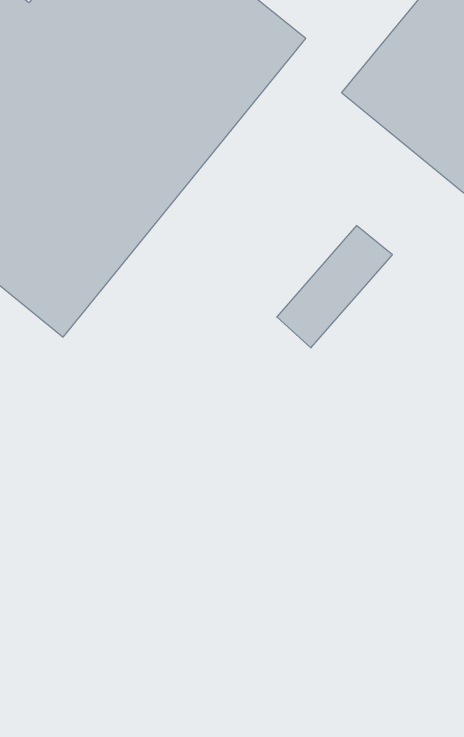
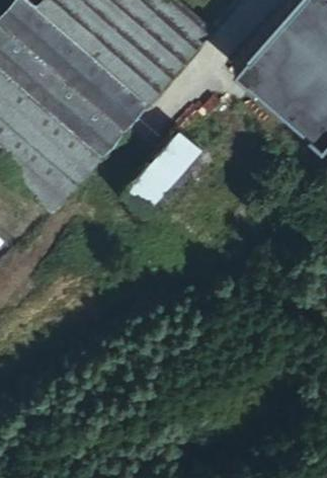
building: [277,226,392,348] -> [128,136,199,212]

